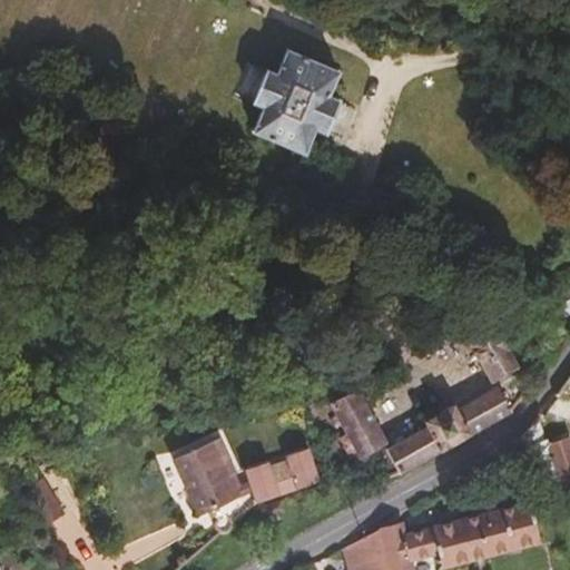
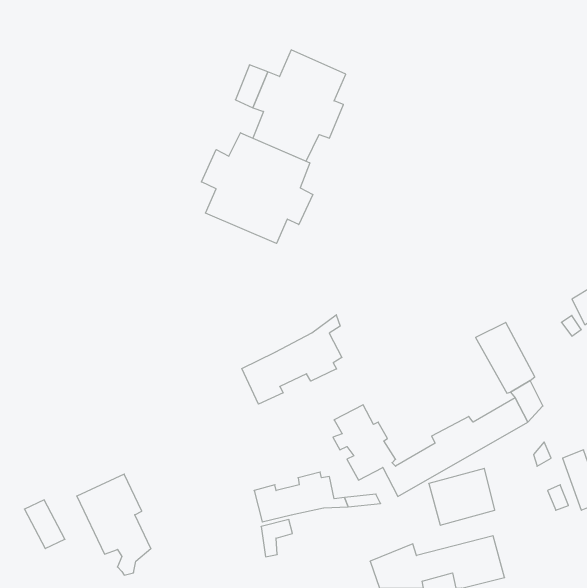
building: none -> [201,133,313,243]
building: none -> [242,315,342,404]
building: [177,438,248,534] -> [77,474,151,575]
building: [479,500,542,554] -> [429,468,495,525]

